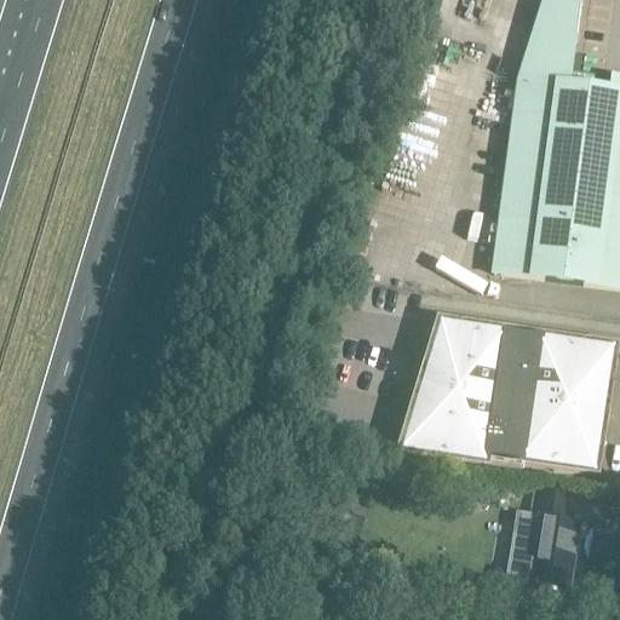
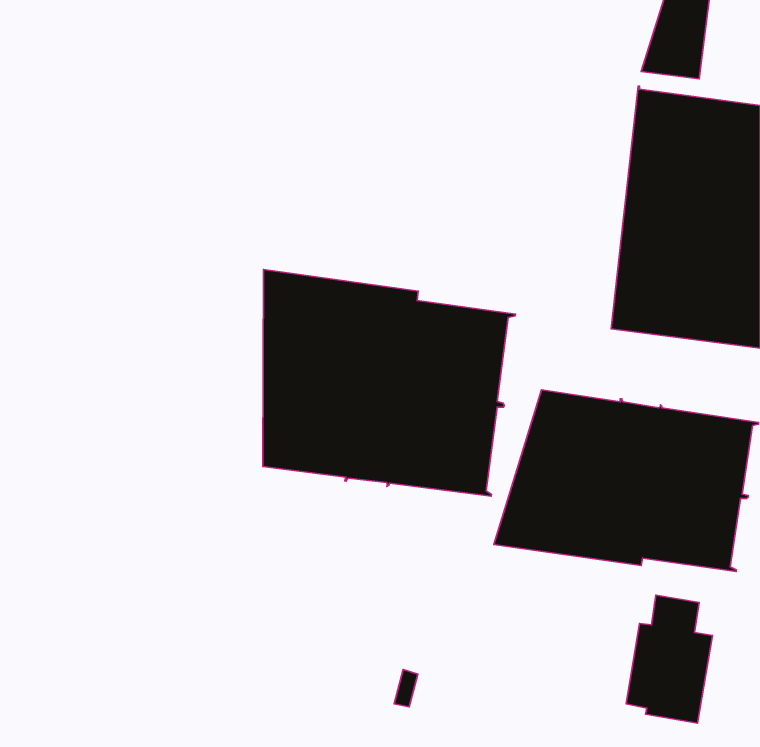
building: none -> [263,269,516,496]

